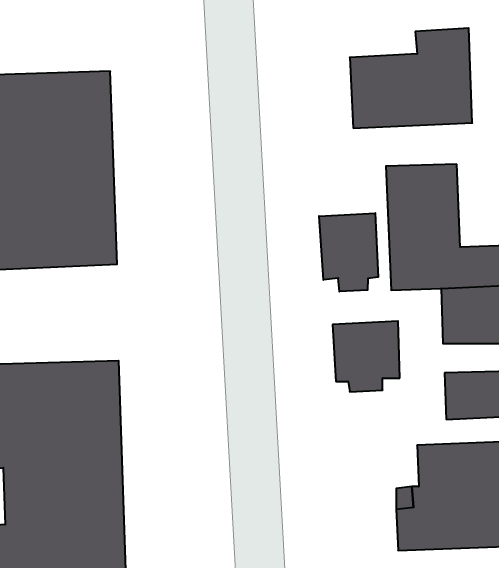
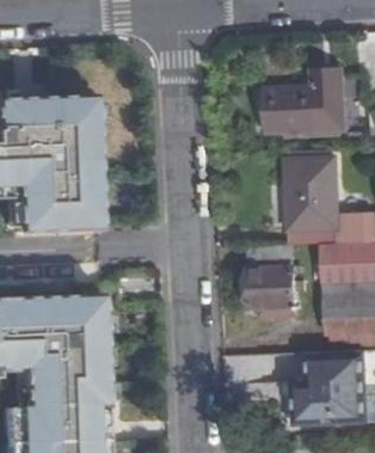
building: [319,213,378,292] -> none

